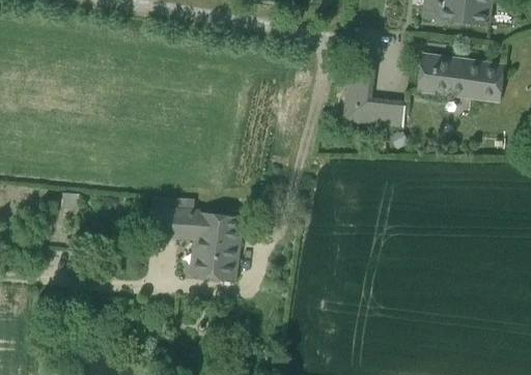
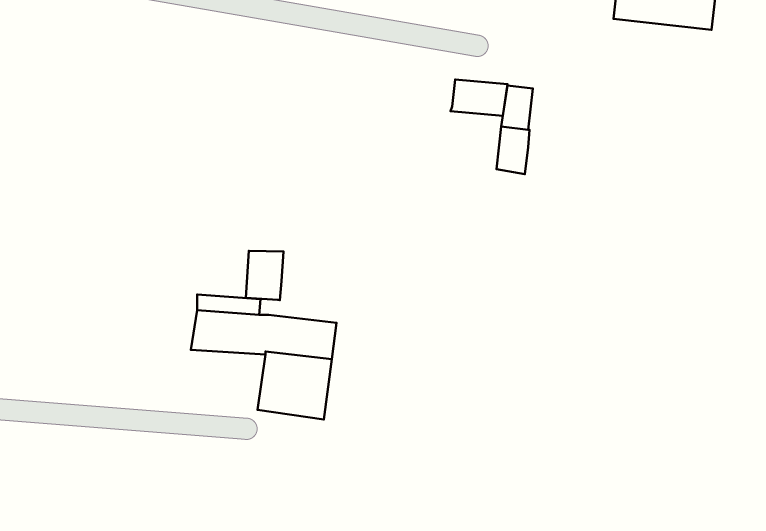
building: [417,55,503,100] -> none
building: [364,102,401,125] -> [451,79,508,116]
building: none -> [246,251,283,300]

